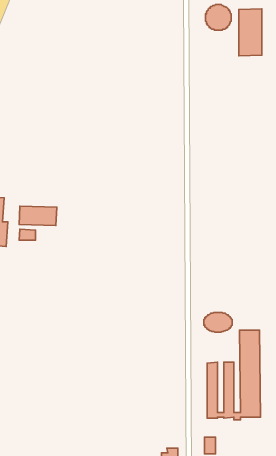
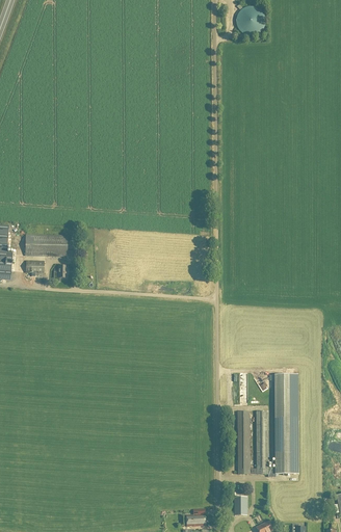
building: [239,9,262,56] -> none
building: [204,313,232,332] -> none

